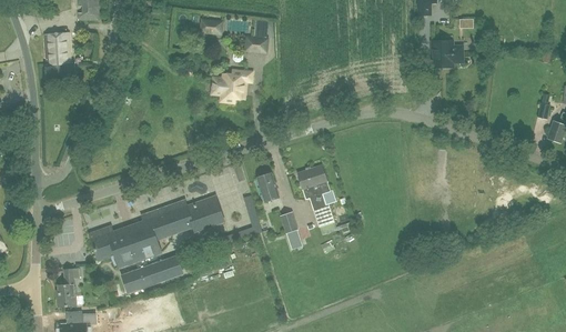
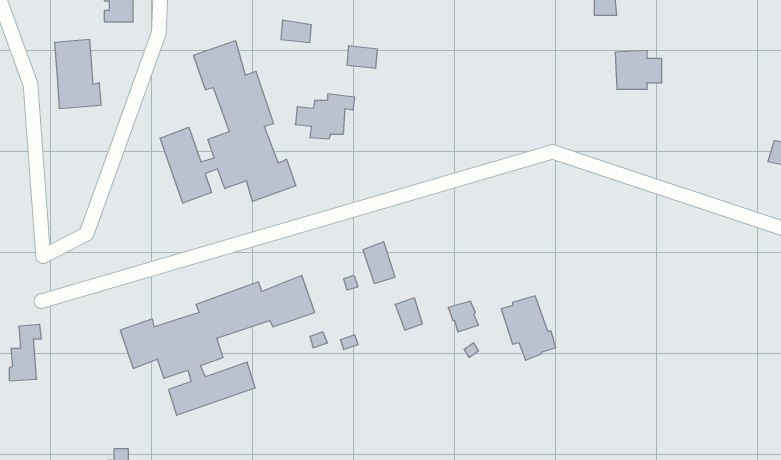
building: none -> [160,41,296,203]
building: [297,165,335,210] -> [501,296,556,360]
building: [57,268,79,306] -> [9,324,41,381]

